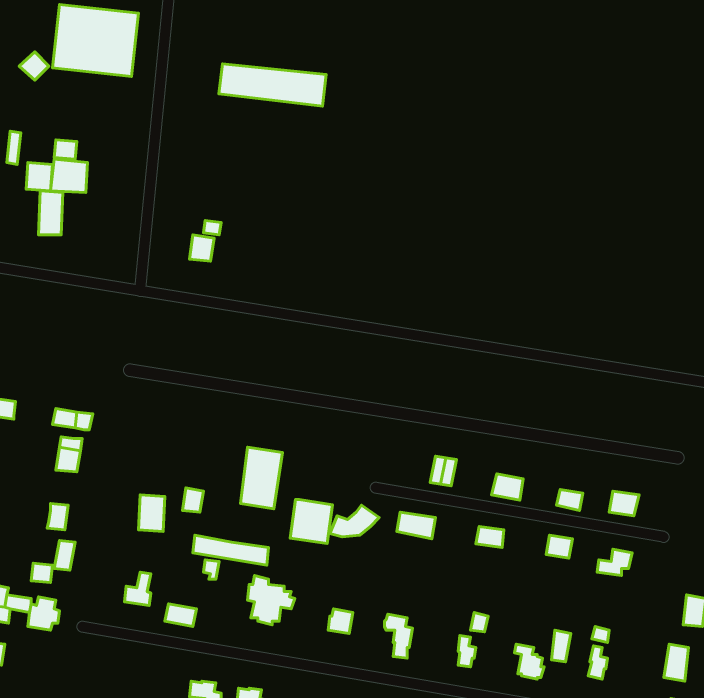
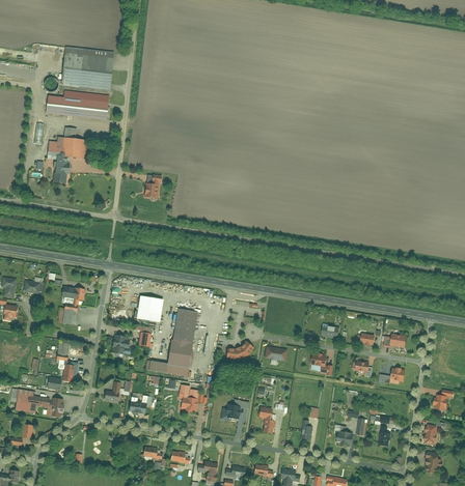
building: [219,64,326,106] -> [45,94,108,119]
building: none -> [136,295,163,322]
building: [290,499,332,543] -> [168,341,193,367]

